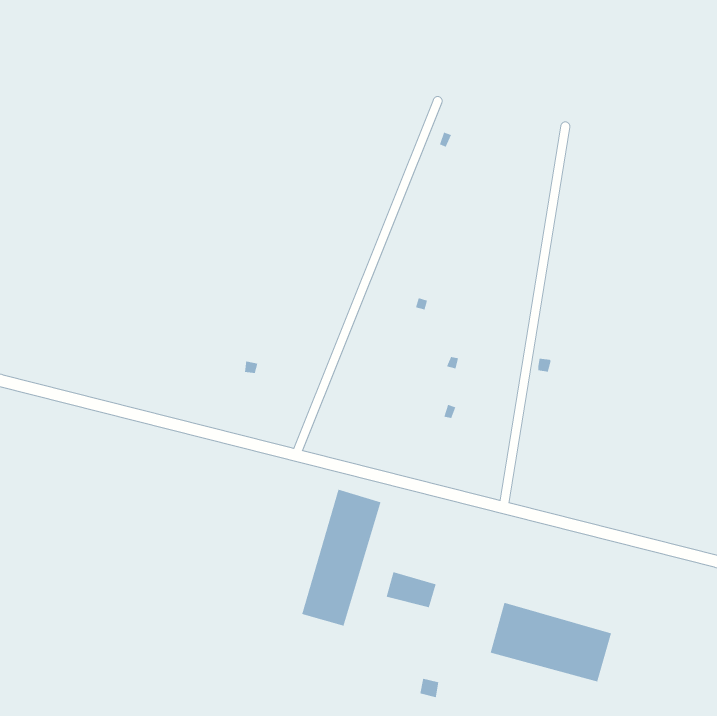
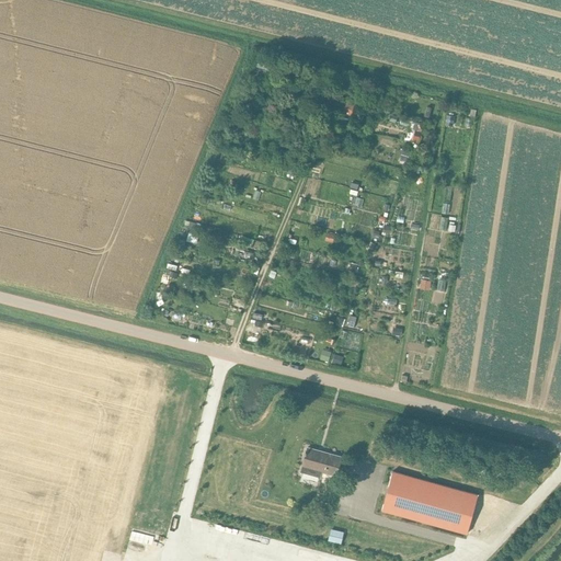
building: [302,489,381,627] -> none

